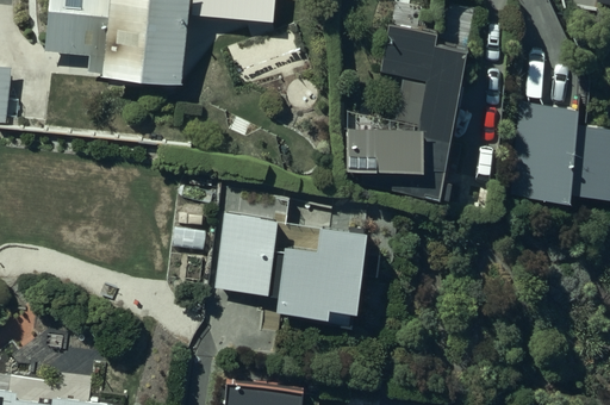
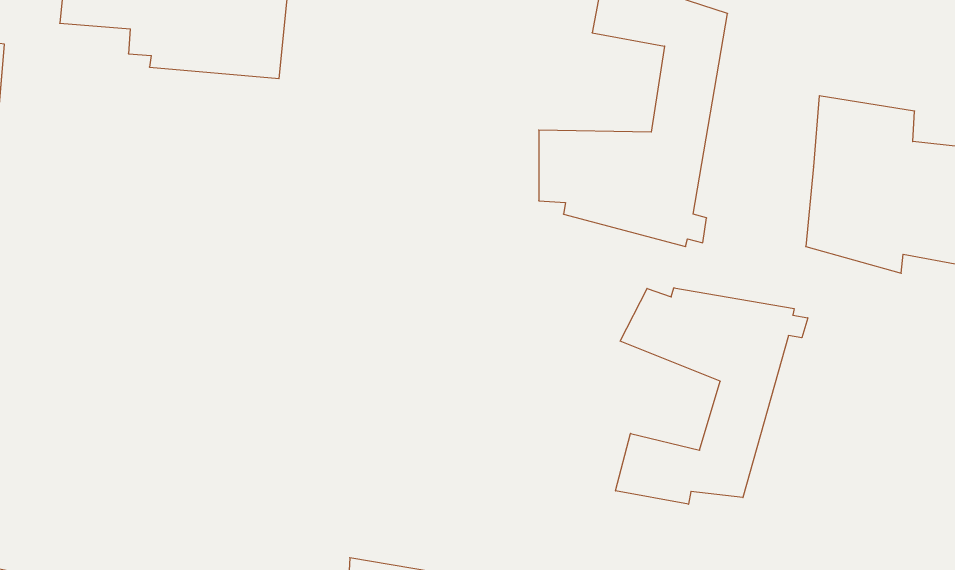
building: [216,211,380,325] -> none
building: none -> [616,288,808,504]

